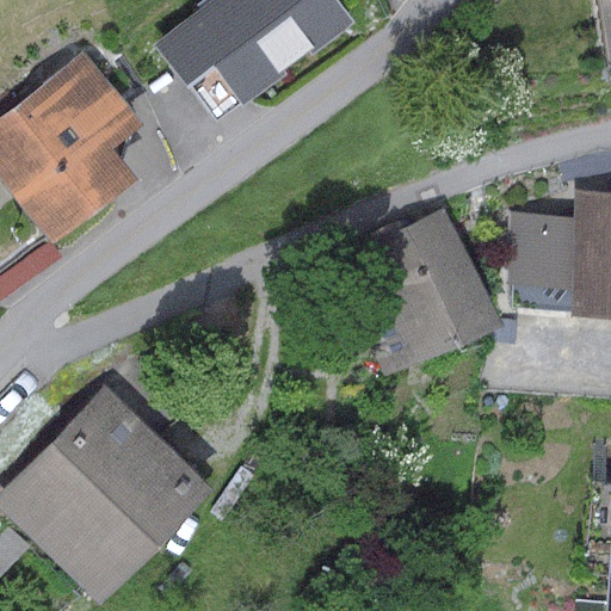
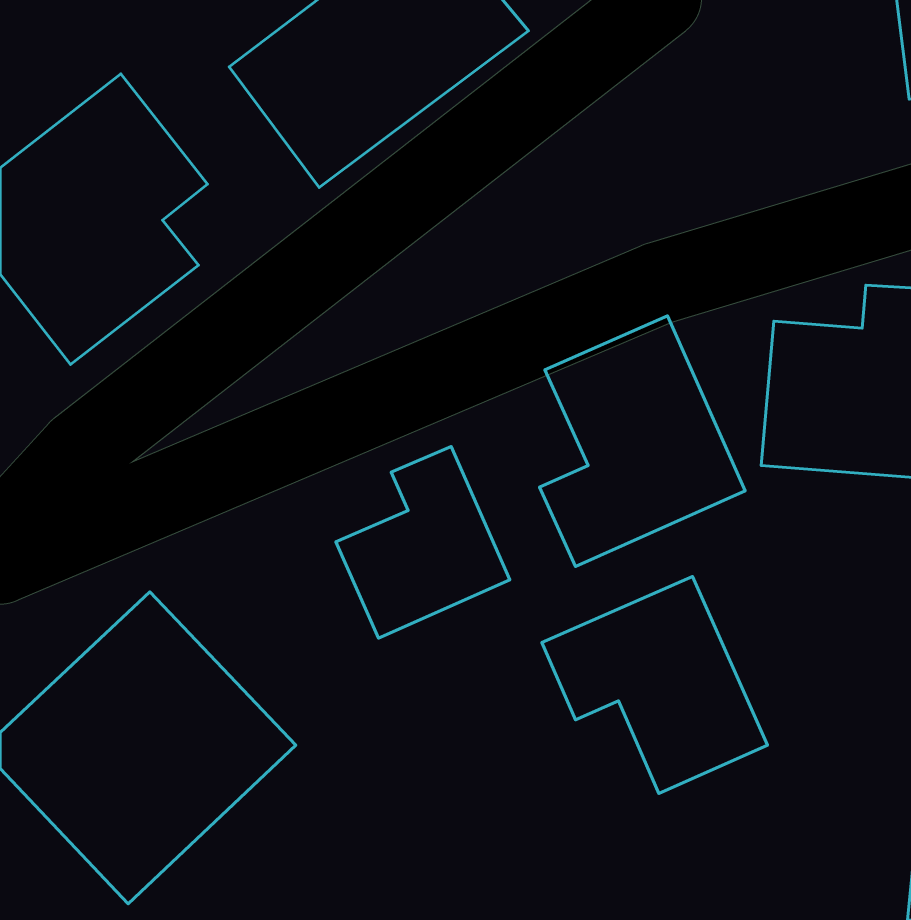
building: none -> [336,446,510,638]
building: none -> [542,576,767,793]

